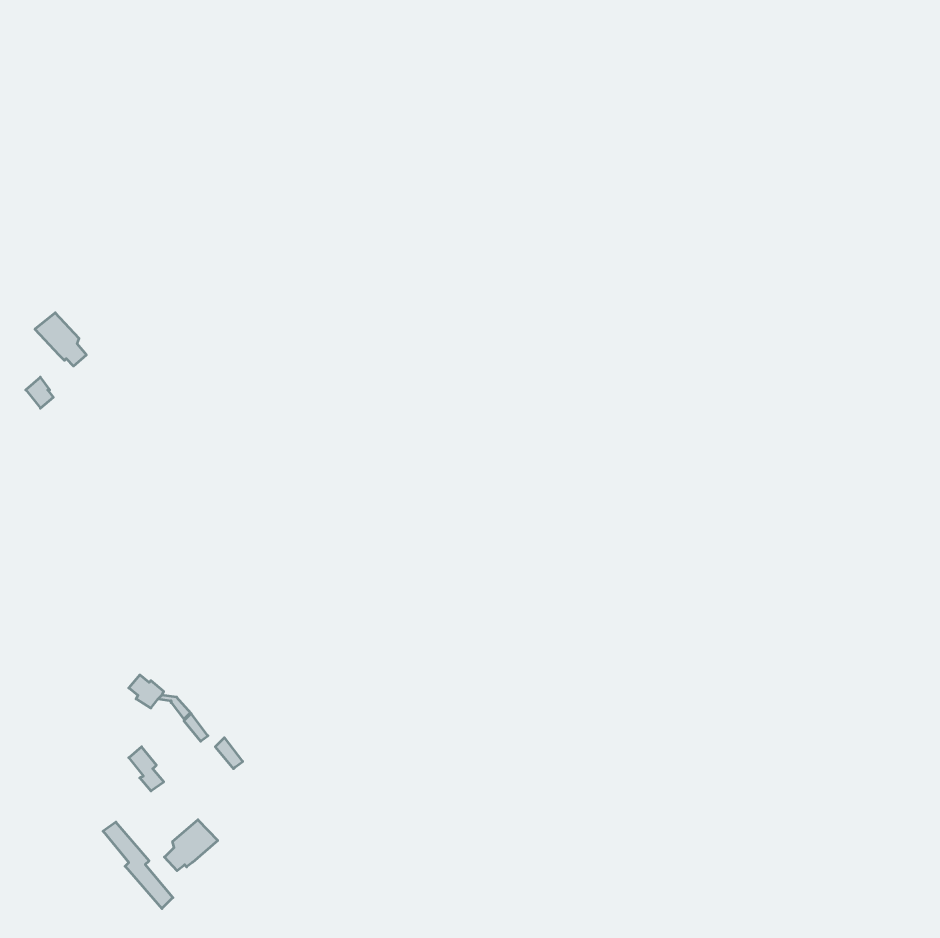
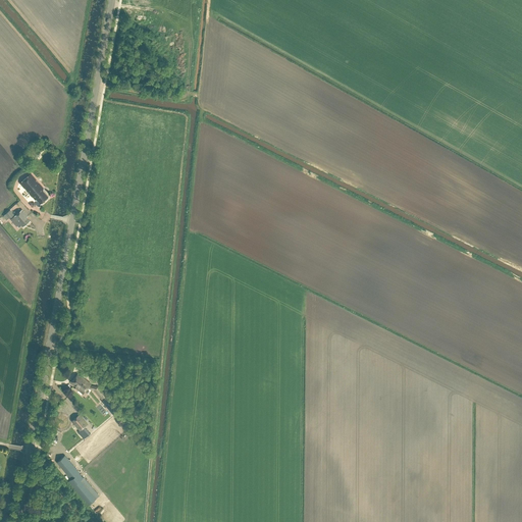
building: [164,820,218,871] -> none

